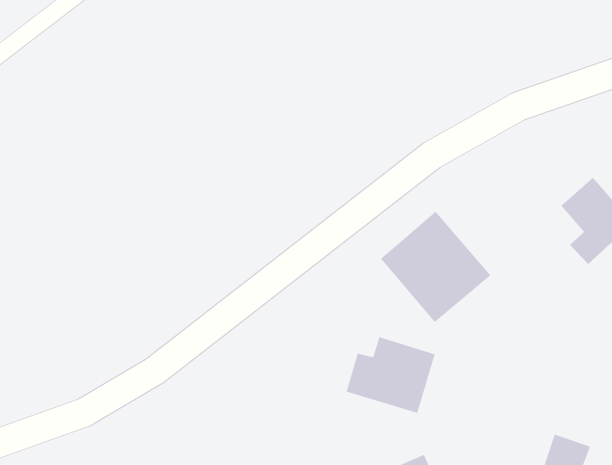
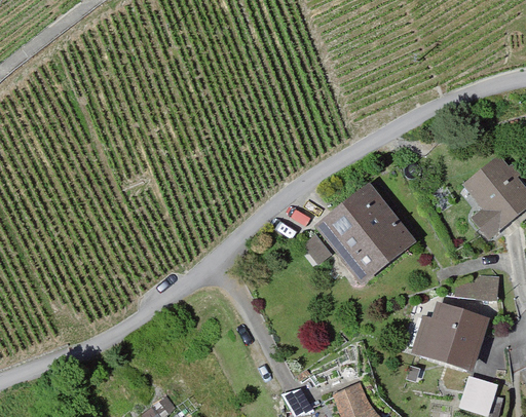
building: none -> [458,275,500,298]
building: [346,337,435,413] -> [413,305,486,368]

